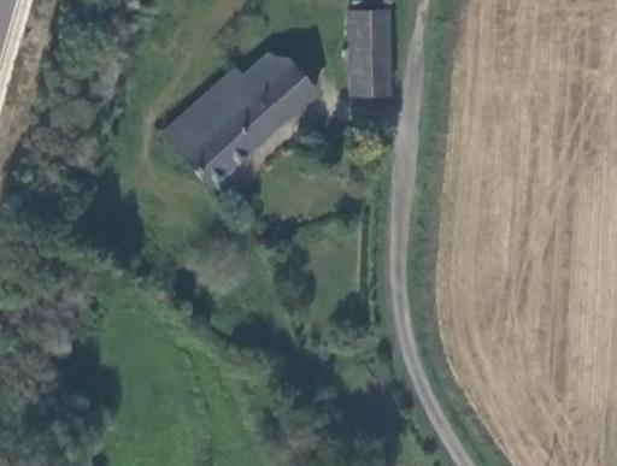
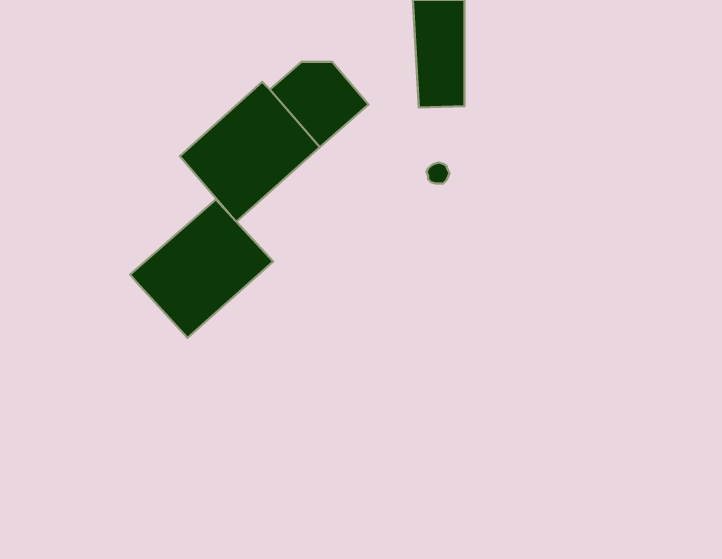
building: none -> [130,200,273,338]

